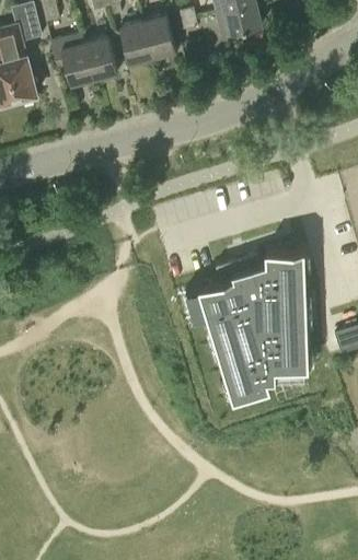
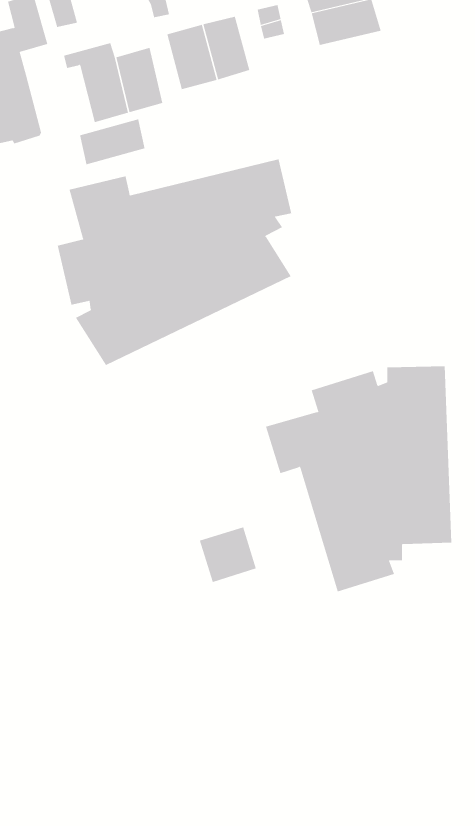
building: none -> [79,118,145,165]
building: none -> [57,158,292,366]
building: none -> [199,526,257,583]

